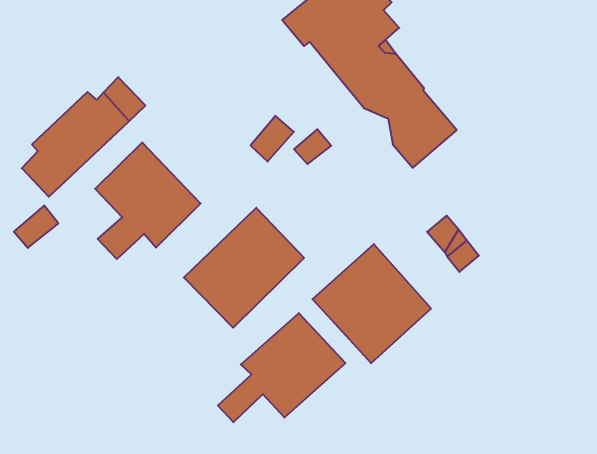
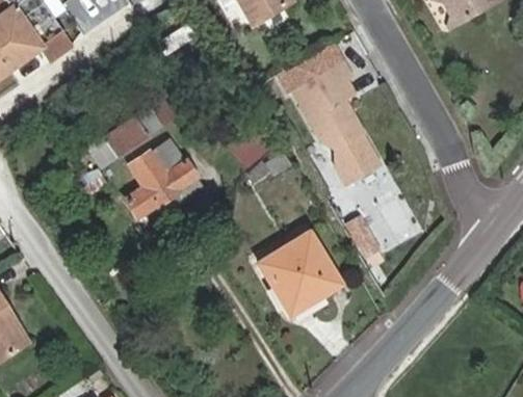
building: [184,208,304,328] -> none
building: [218,313,345,422] -> none

